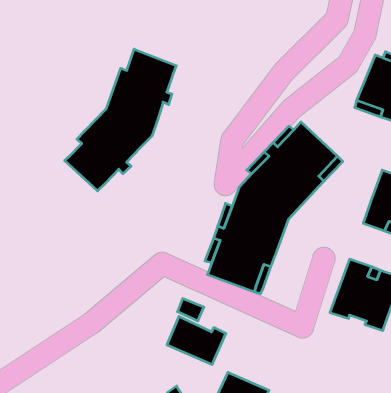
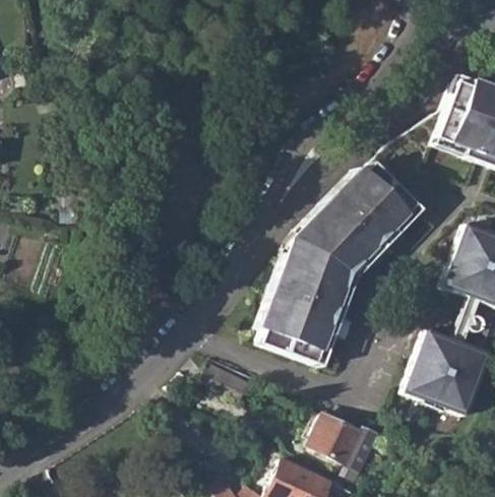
building: [65,49,176,191] -> none
building: [167,316,226,364] -> [311,414,381,471]

